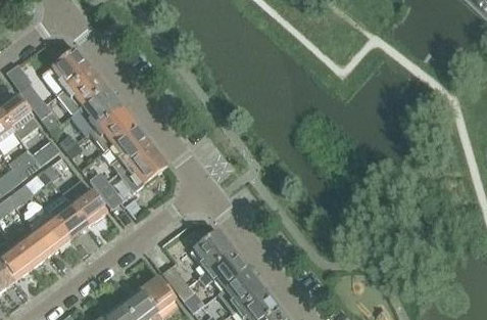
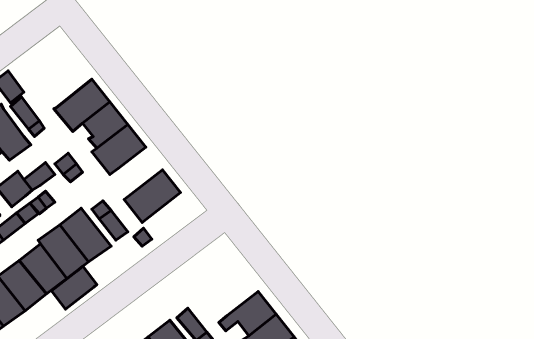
building: [44,50,91,94] -> none
building: [112,128,151,173] -> none
building: none -> [51,266,97,309]
building: [194,232,233,272] -> none

